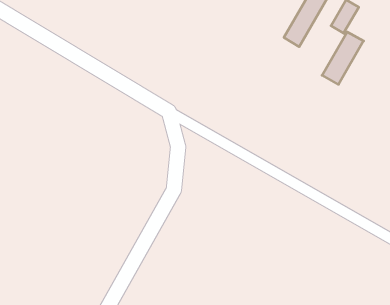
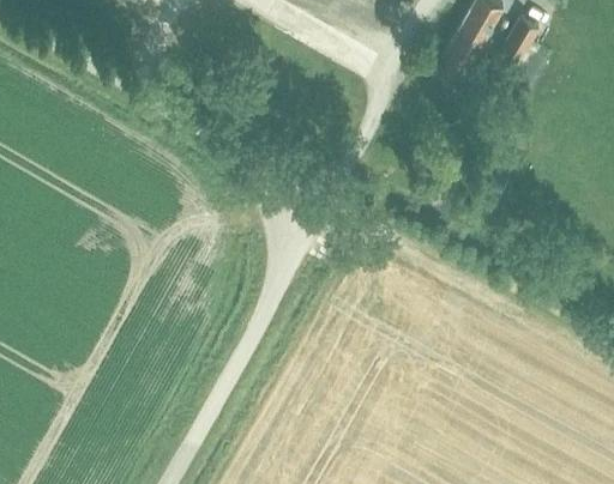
building: [322,32,364,84] -> none

